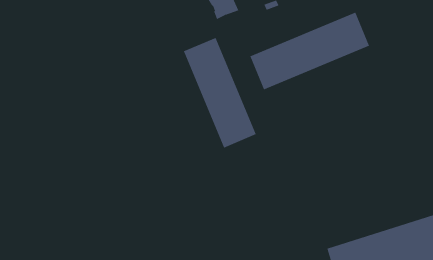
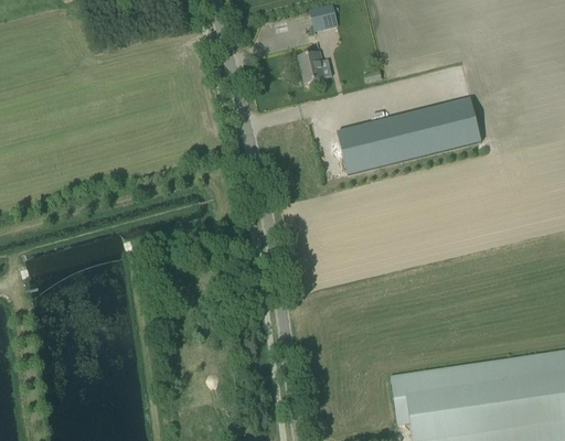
building: [183,37,256,148] -> none

